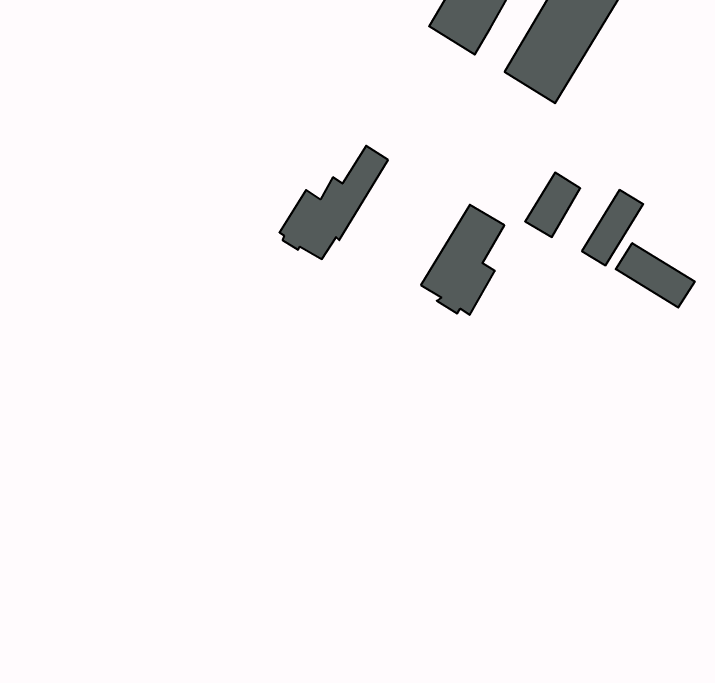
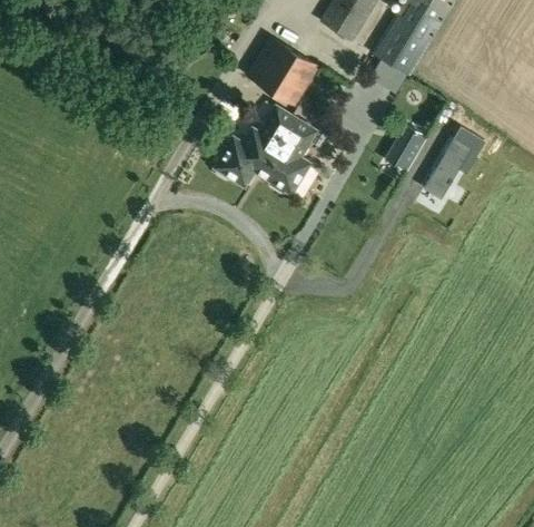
building: none -> [248,36,318,104]
building: [421,205,504,315] -> [257,115,316,193]
building: [616,243,695,308] -> none

